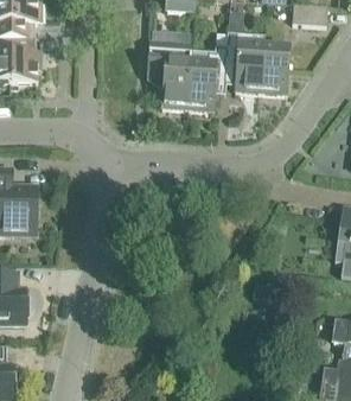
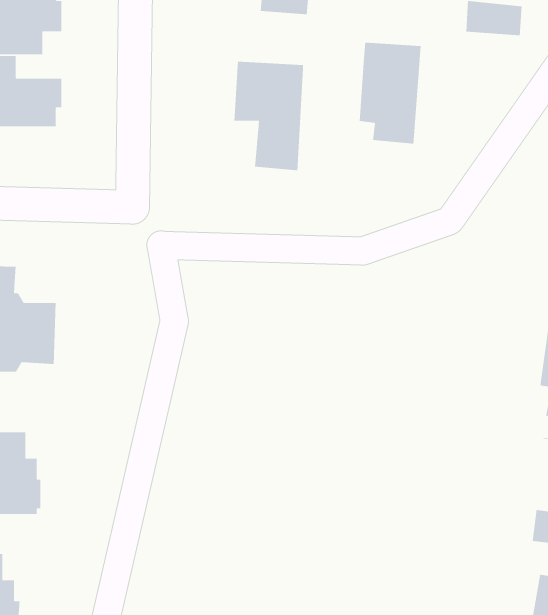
building: [187,39,228,109] -> none
building: [260,44,289,93] -> none

